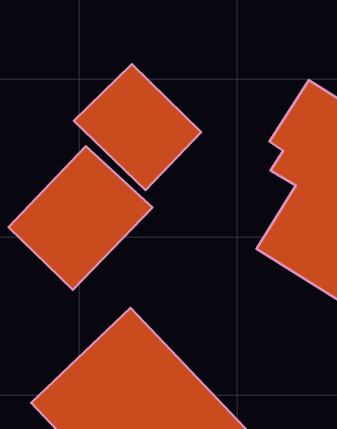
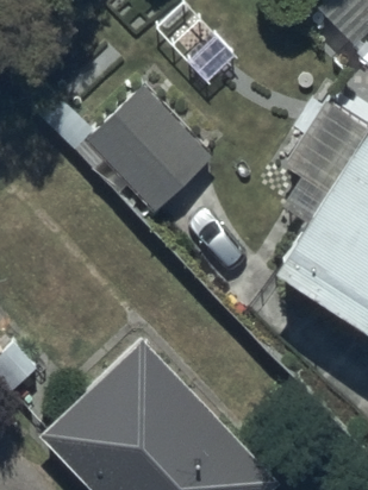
building: [8,146,152,290] -> none

